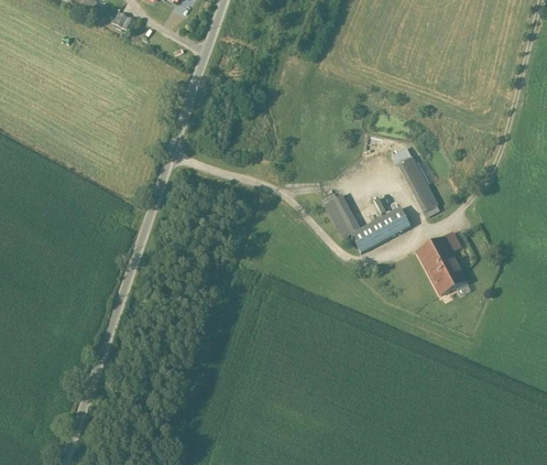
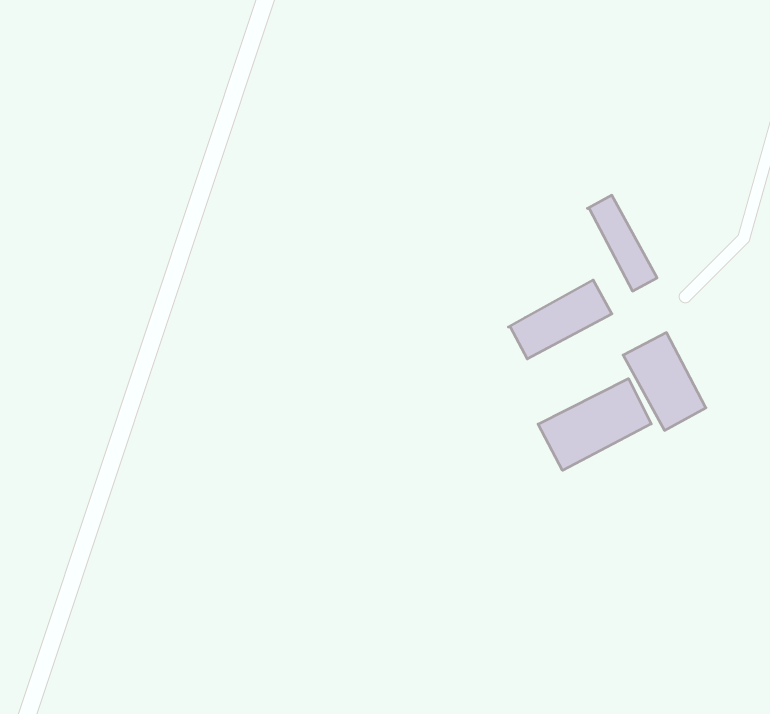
building: [325,194,360,238] -> none
building: none -> [538,379,651,470]

